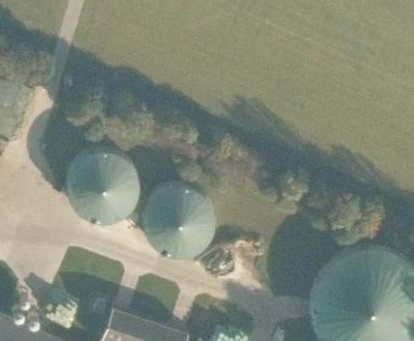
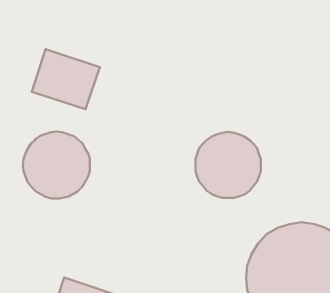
building: none -> [32,49,100,109]
building: [143,183,214,255] -> [195,132,261,198]

